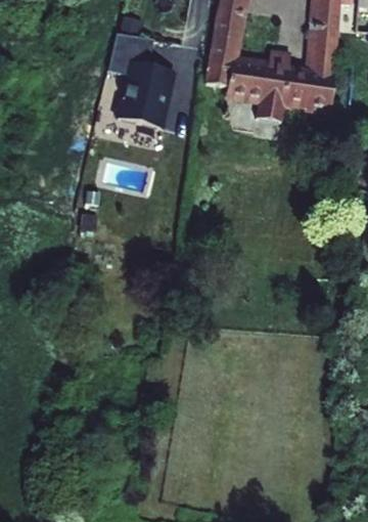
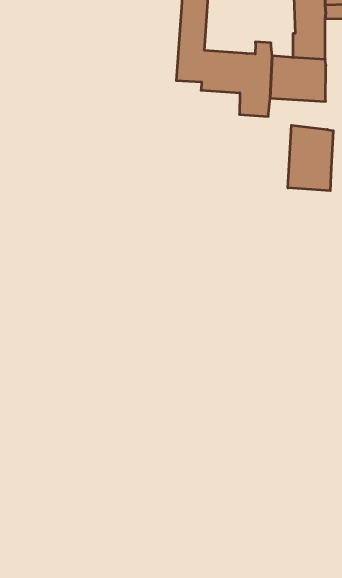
building: [109,30,182,125] -> none
building: none -> [288,125,333,191]

